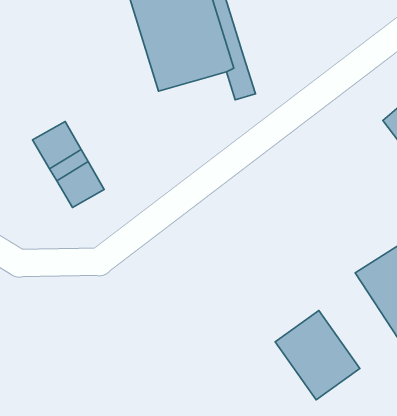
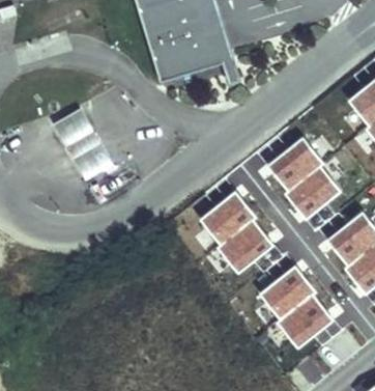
building: none -> [267,138,339,214]
building: none -> [202,194,270,269]

